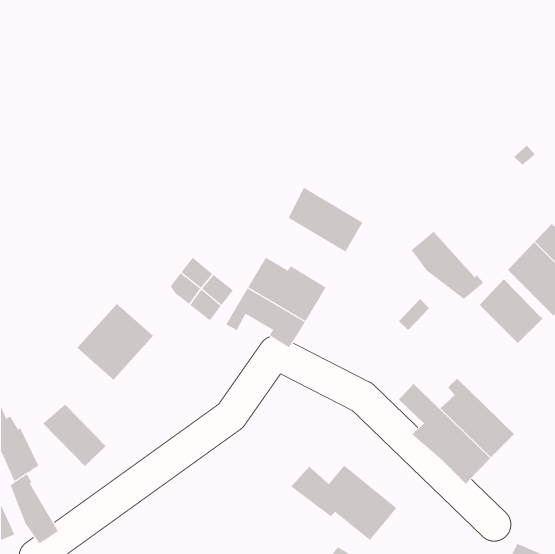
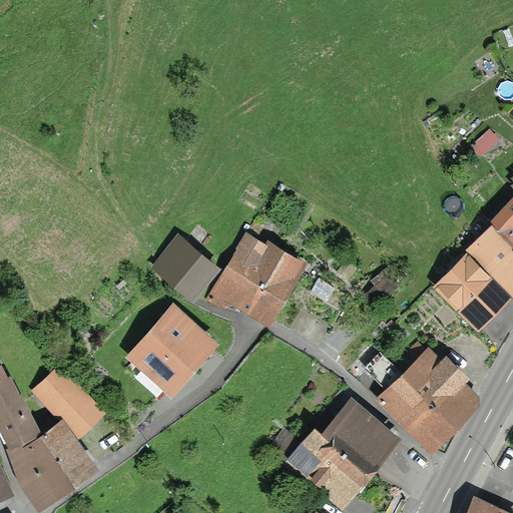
building: [288,187,363,252] -> none
building: [411,231,484,300] -> none
building: [77,303,154,380] -> [137,315,208,386]
building: none -> [329,407,394,470]
building: none -> [26,421,88,491]

